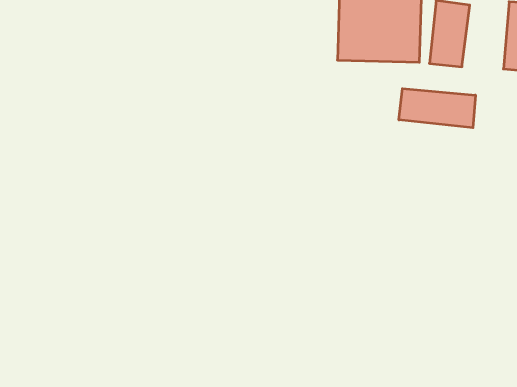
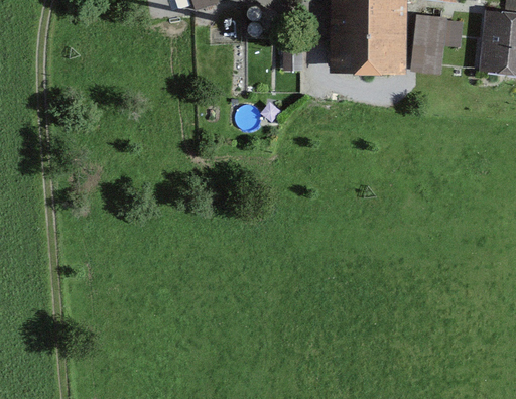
building: [399,89,475,128] -> none

